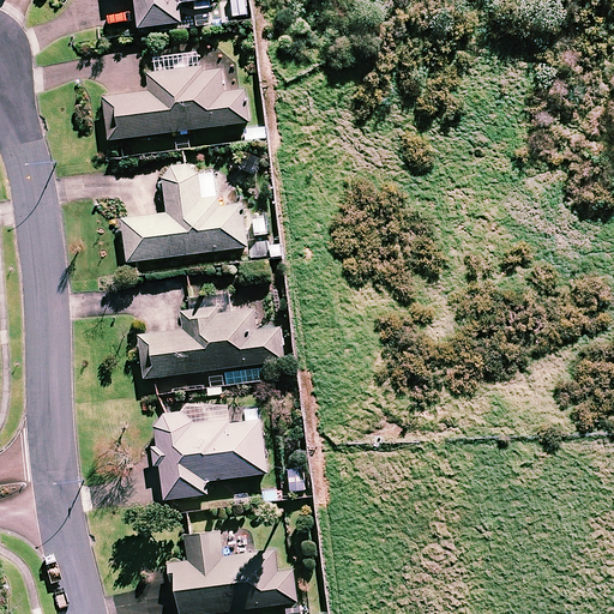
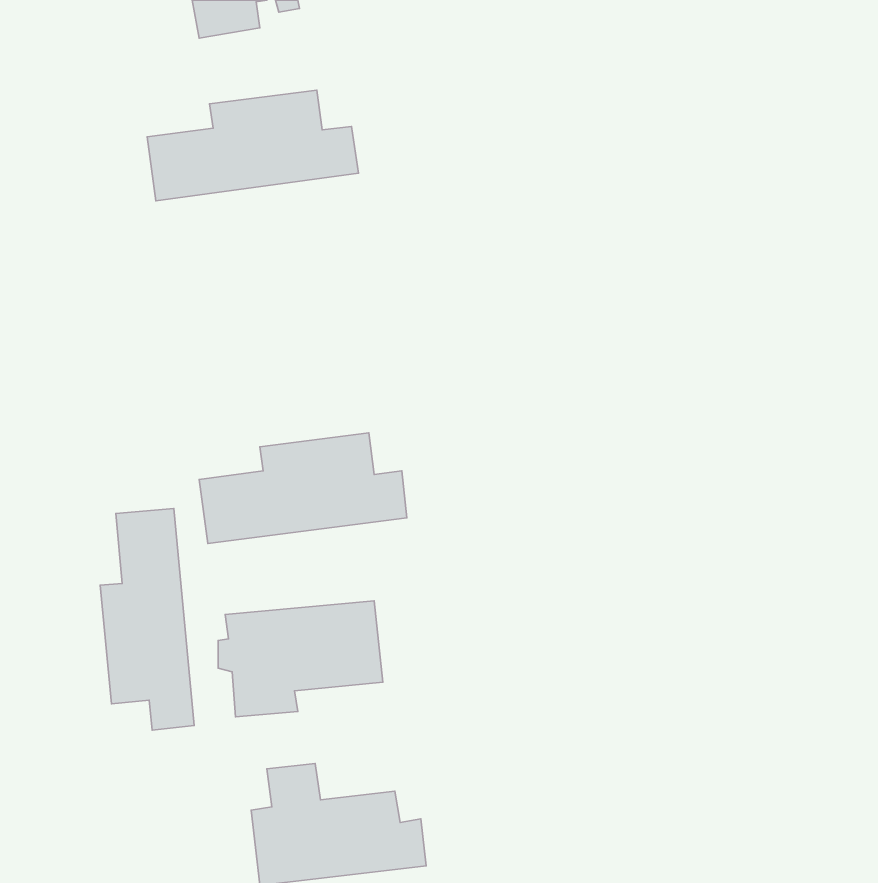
building: [121,165,246,261] -> none
building: none -> [100,509,194,730]

